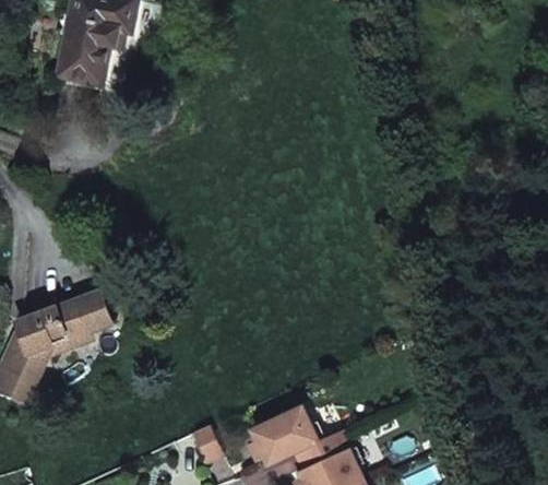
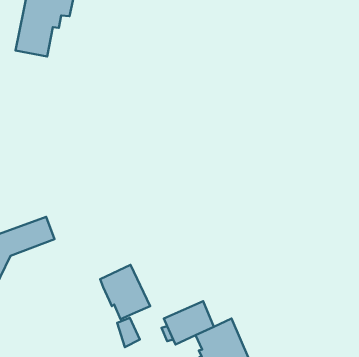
building: none -> [100,265,150,319]

